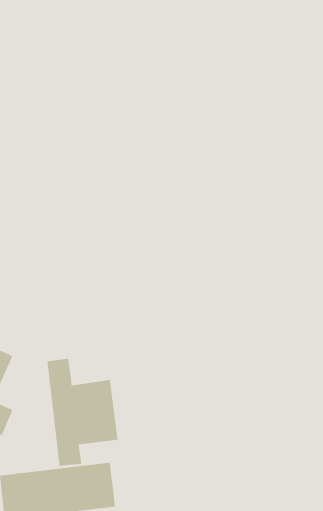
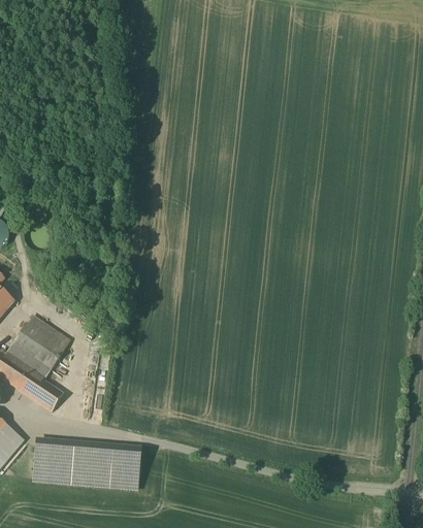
building: [47,358,118,467] -> none

